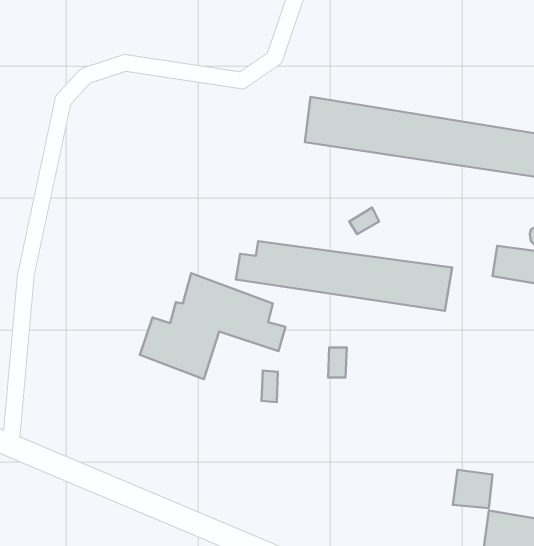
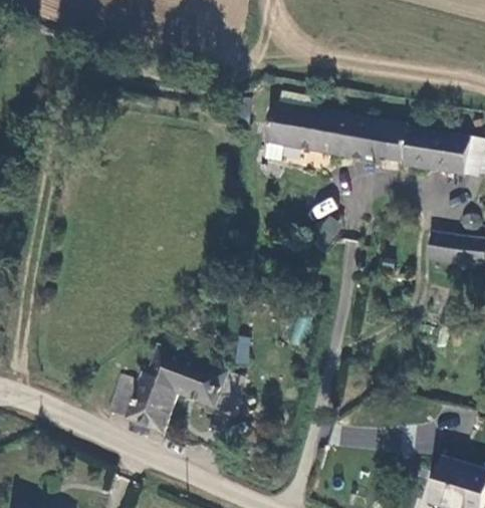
building: [236,241,452,311] -> none
building: [140,273,285,379] -> [111,344,237,436]

